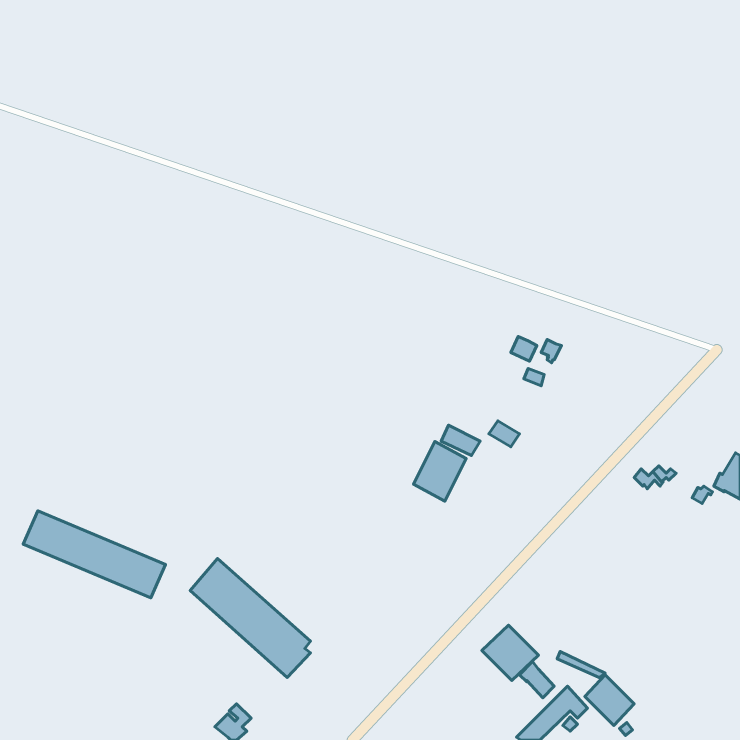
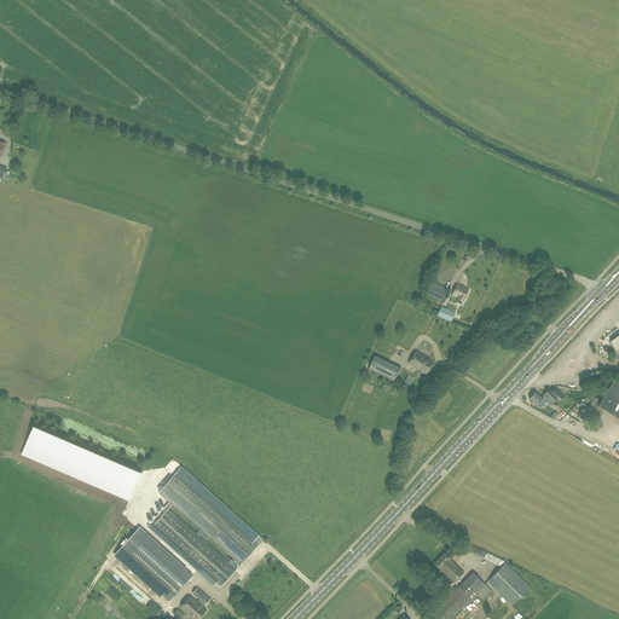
building: [413,442,466,501] -> none
building: none -> [146,505,236,586]
building: [482,625,538,680] -> none
building: none -> [115,528,191,600]

